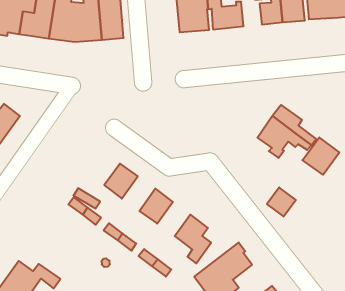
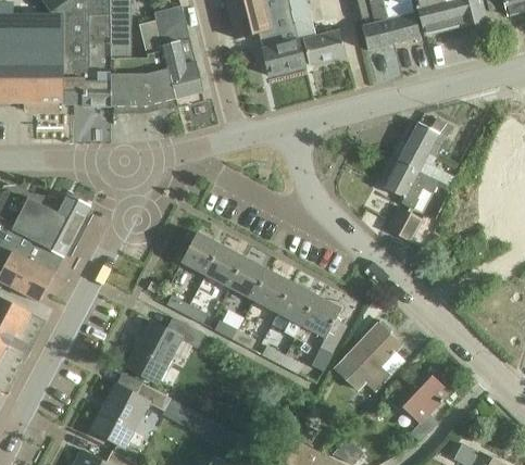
building: none -> [407,118,451,158]
building: [302,137,339,175] -> none
building: none -> [180,232,221,275]
building: none -> [229,257,268,300]
building: [267,187,296,217] -> [387,206,422,241]
building: none -> [277,282,316,324]
building: none -> [124,316,204,384]

